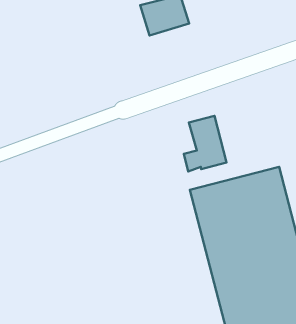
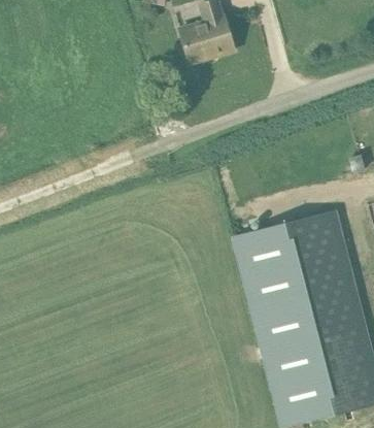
building: [184,116,227,171] -> none

